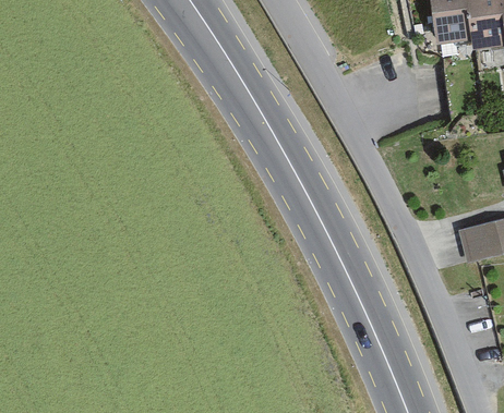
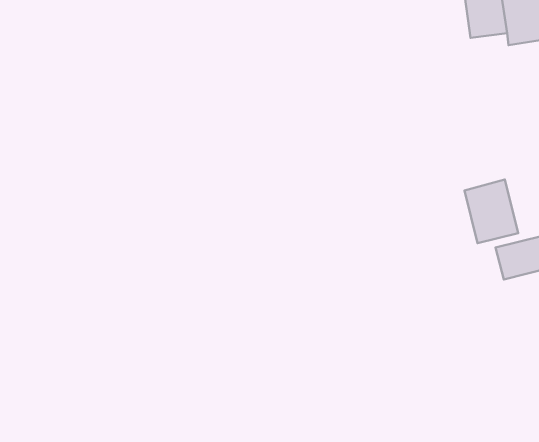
building: none -> [465,179,518,243]

